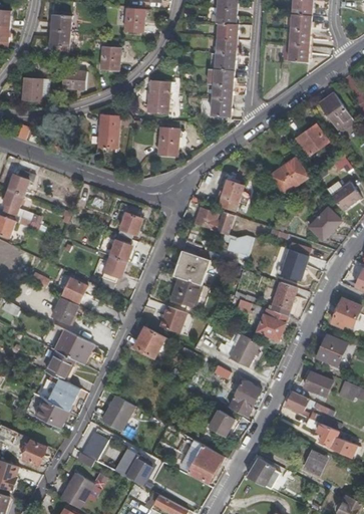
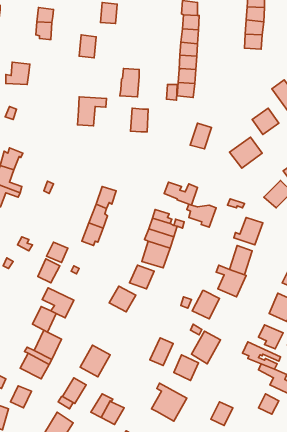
building: [64,67,87,87] -> none
building: [221,181,245,210] -> [190,123,211,149]
building: none -> [150,338,173,366]

